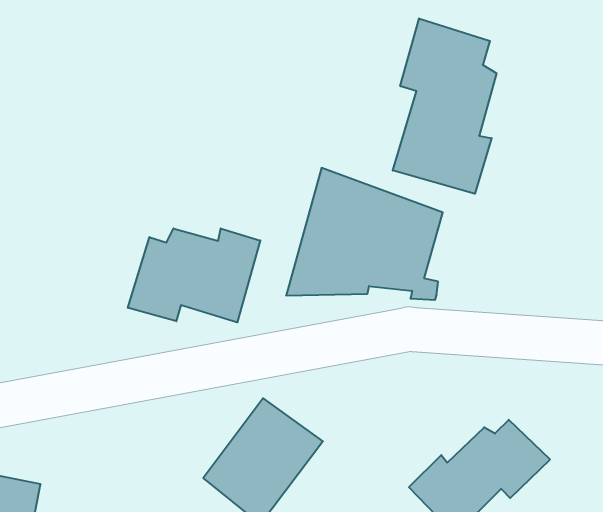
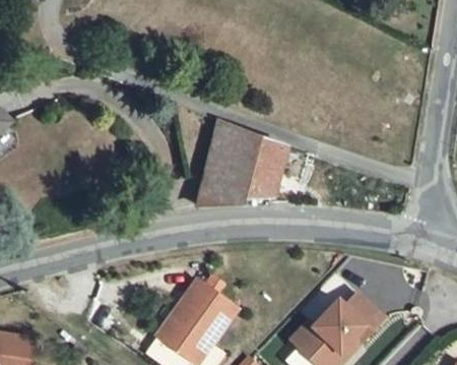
building: [393,18,496,194] -> none
building: [128,228,260,322] -> none

